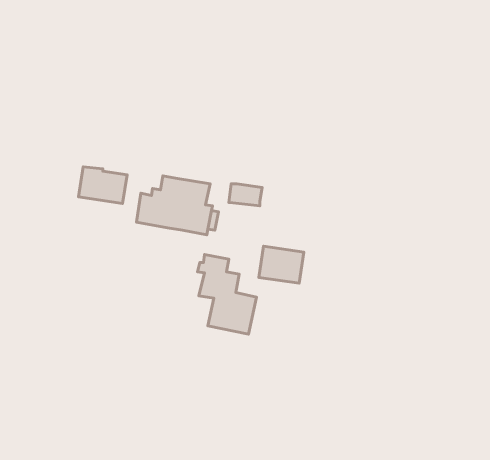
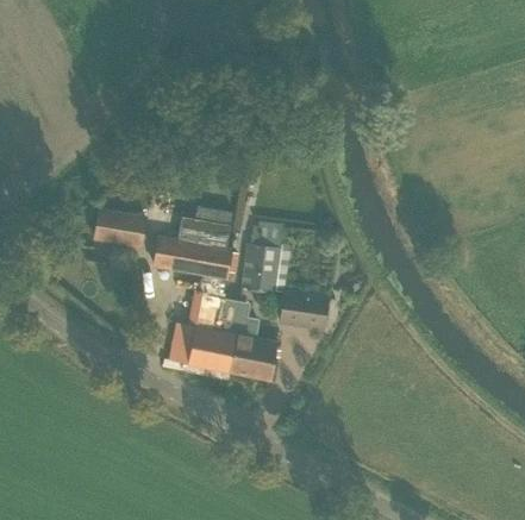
building: none -> [242,245,281,292]
building: none -> [168,290,233,372]

